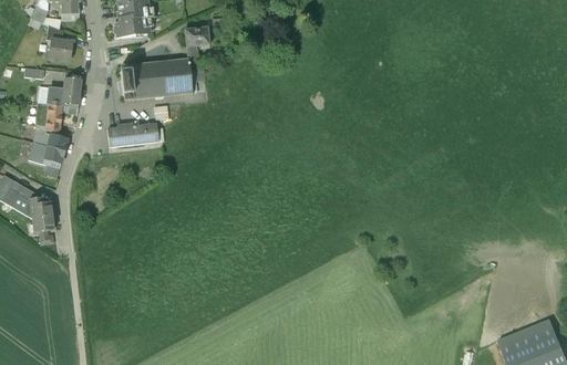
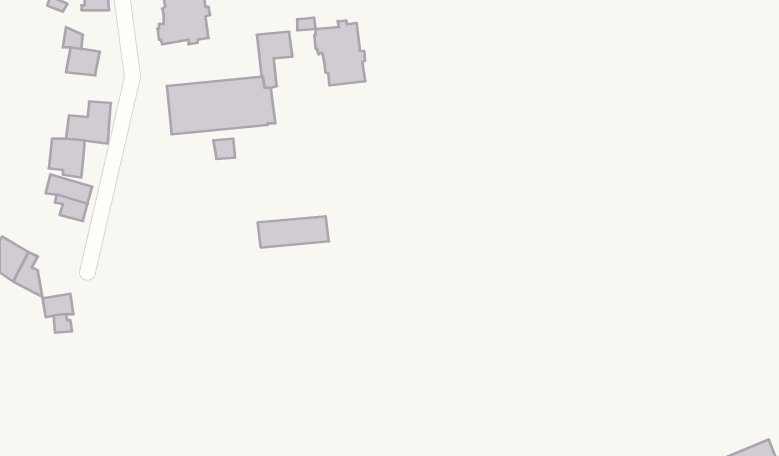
building: none -> [314,20,365,85]
building: [107,124,158,146] -> [258,216,329,247]
building: [24,188,52,218] -> none

